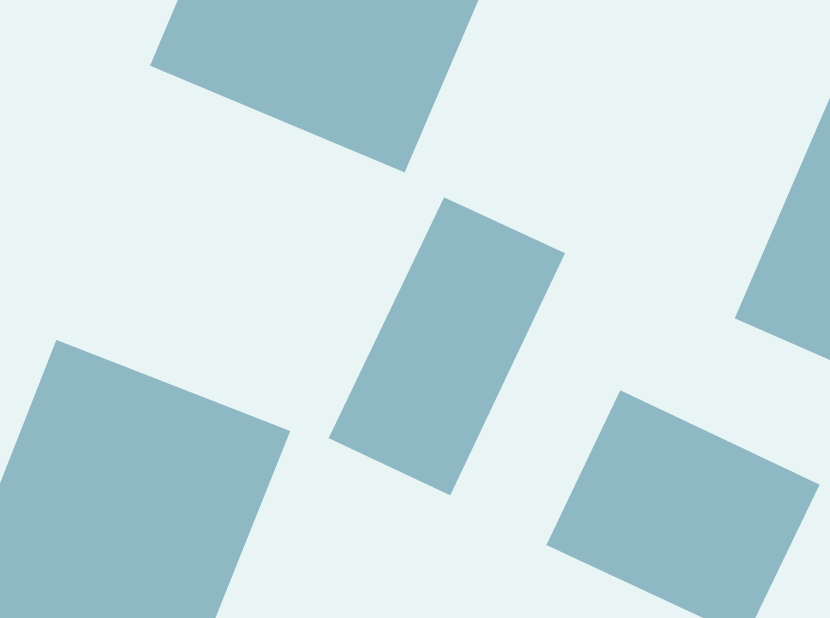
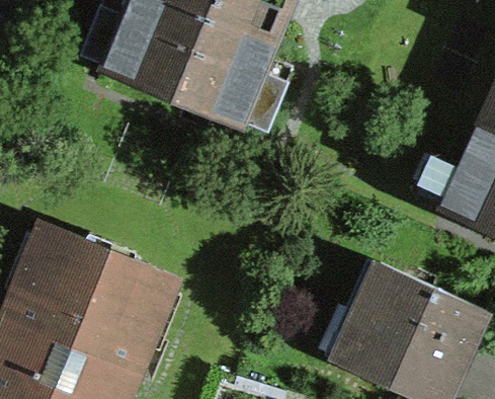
building: [328,197,566,496] -> none

